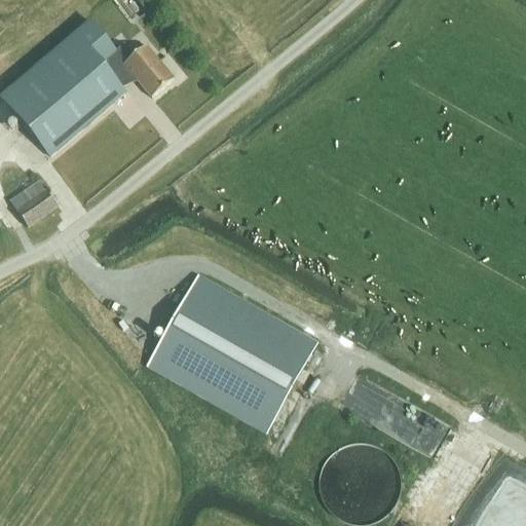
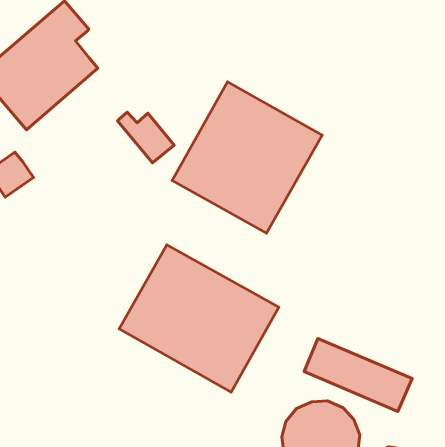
building: [113,42,173,96] -> [118,112,174,163]
building: none -> [172,82,322,233]

